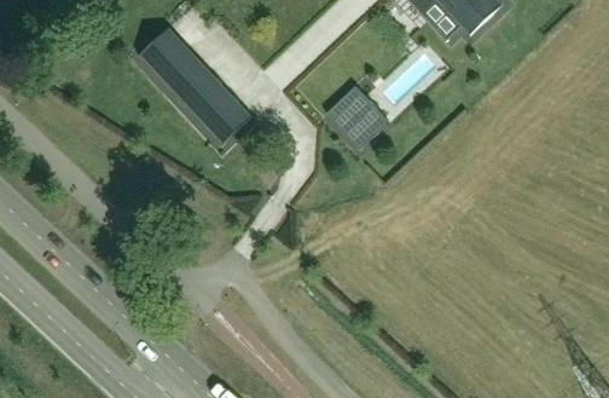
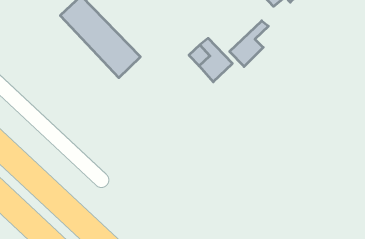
building: none -> [230,21,268,67]

